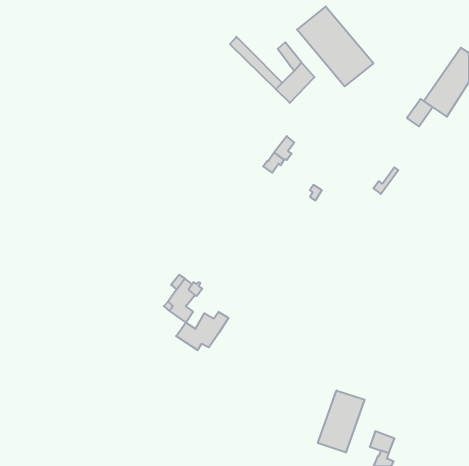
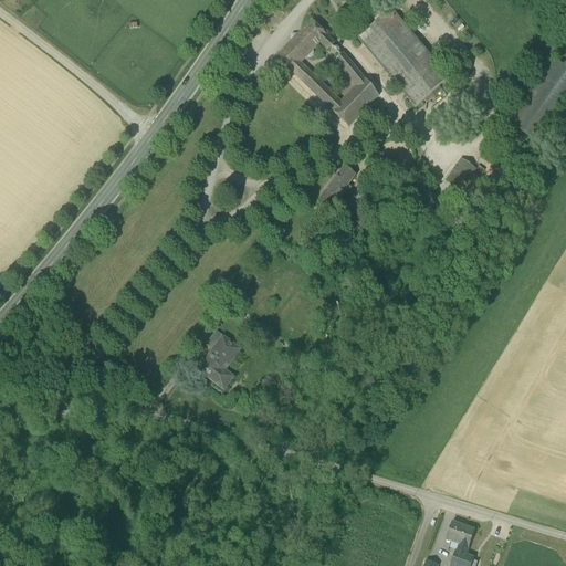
building: none -> [284,18,334,60]
building: [407,99,433,126] -> [444,156,475,189]
building: [176,312,228,350] -> none
building: [318,390,365,453] -> none

